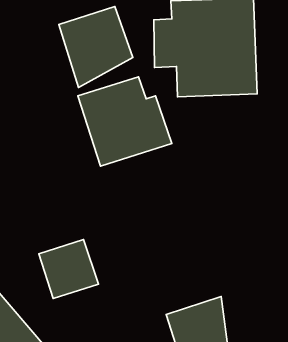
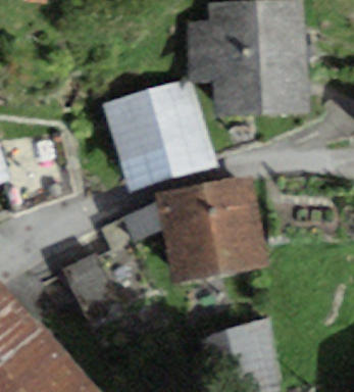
building: [59,6,133,88] -> none
building: none -> [164,185,263,274]

